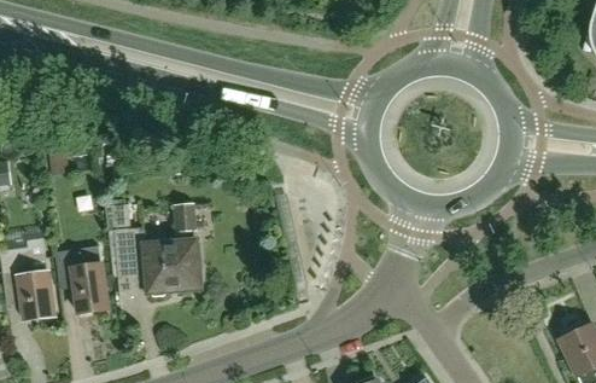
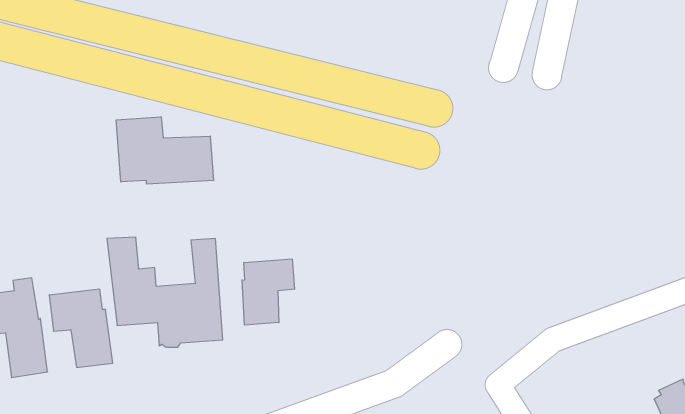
building: none -> [116,117,213,184]
building: none -> [242,259,294,325]

